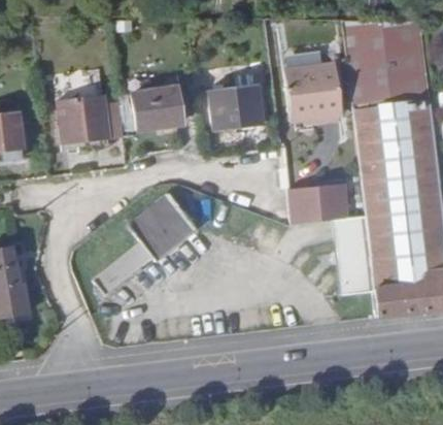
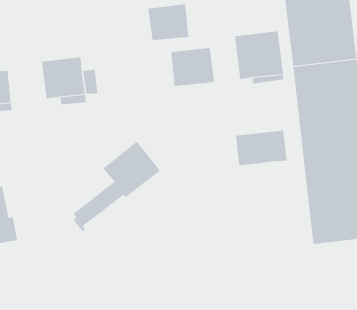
building: [131,87,180,130] -> [147,4,189,41]
building: [333,216,374,294] -> none

